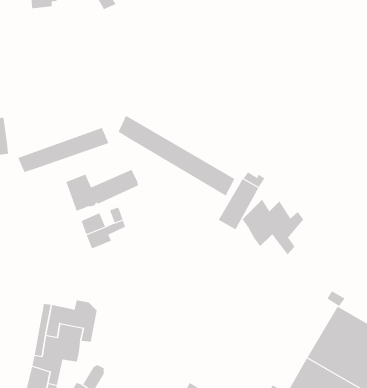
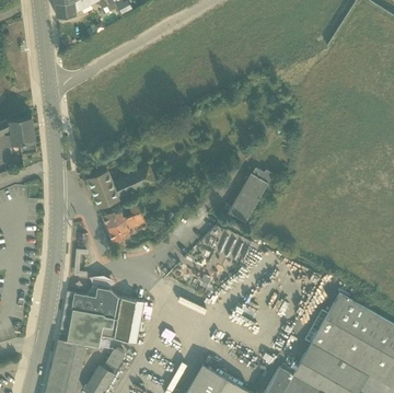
building: [118,115,235,196] -> none
building: [18,127,109,173] -> none
building: [242,199,304,255] -> none
building: none -> [101,298,143,343]

